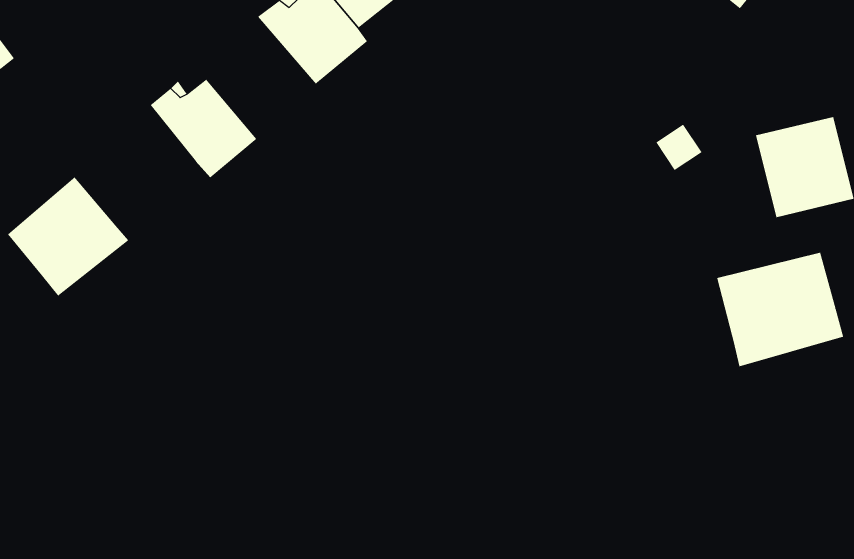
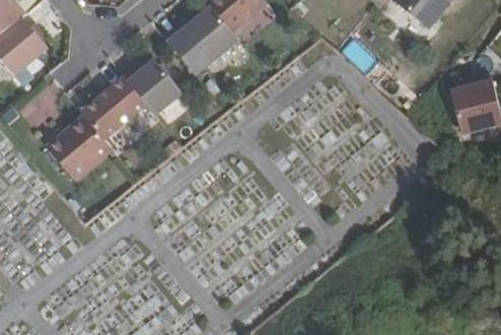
building: none -> [76,75,143,140]
building: [717,252,844,367] -> none

